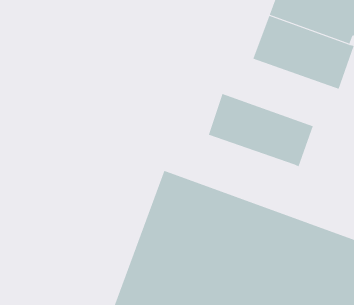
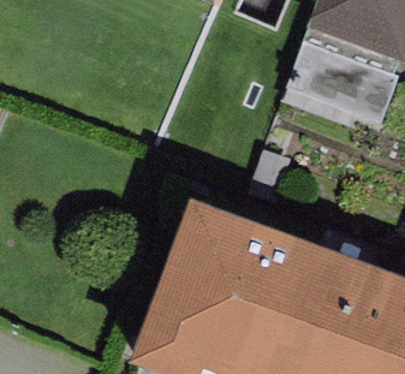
building: [208,93,314,167] -> none

